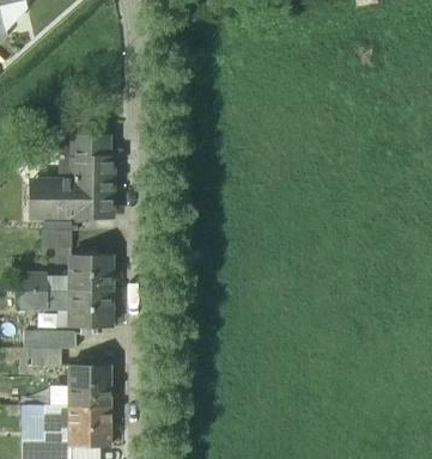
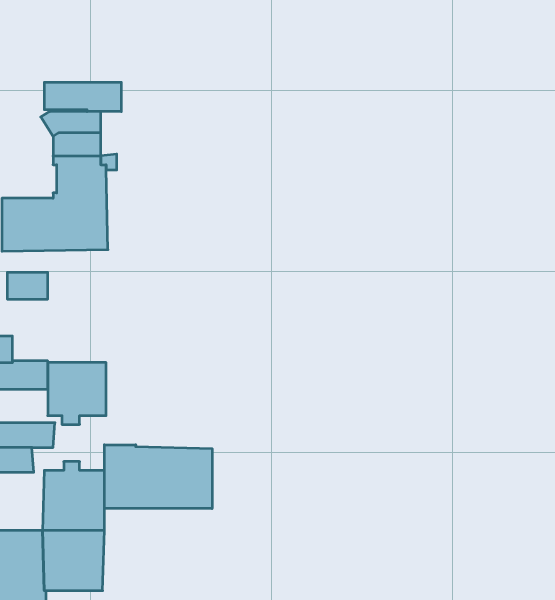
building: none -> [44,82,121,112]
building: [69,255,110,292] -> none
building: none -> [104,445,212,509]

